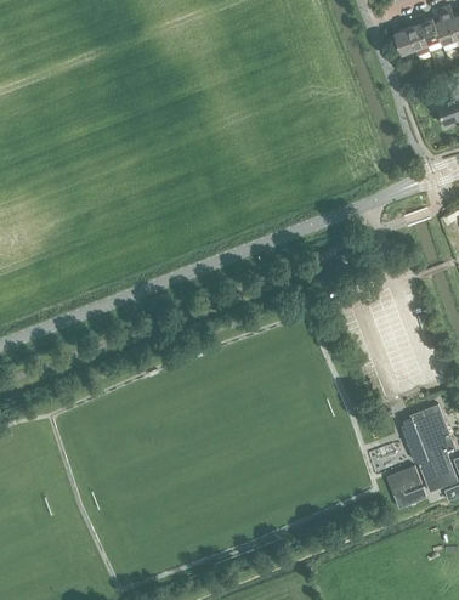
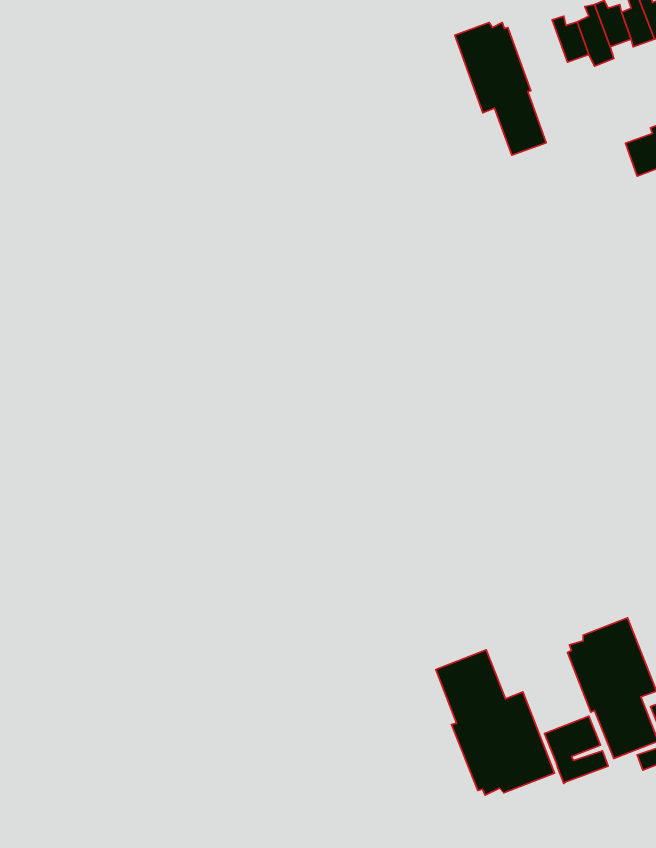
building: none -> [455,22,546,155]
building: none -> [436,650,554,795]

